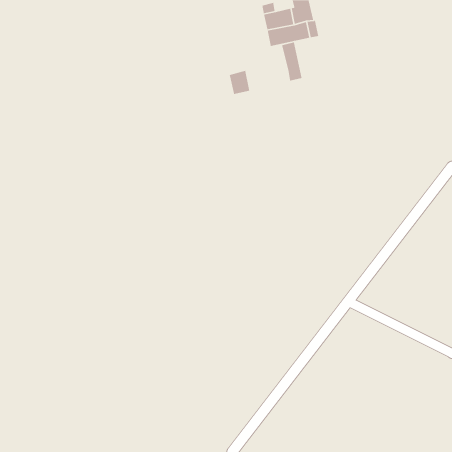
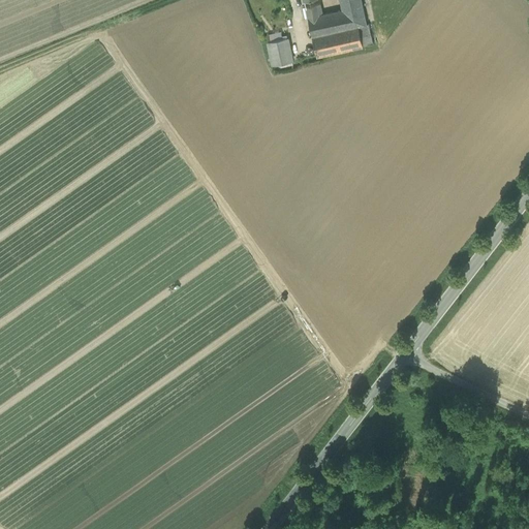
building: [281,42,303,82] -> none
building: [229,70,250,95] -> [267,36,291,65]

